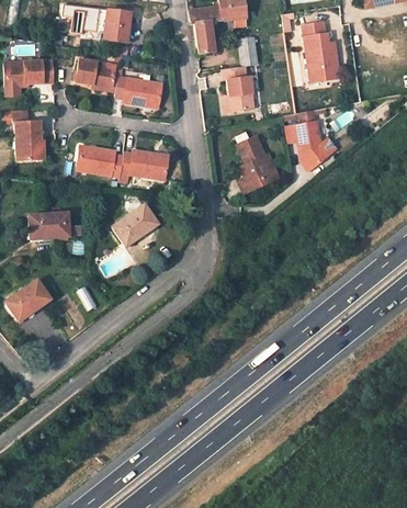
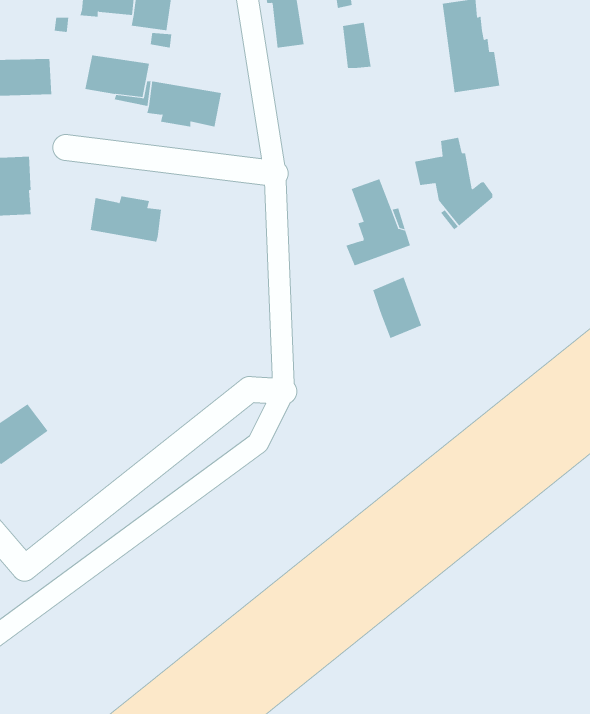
building: [222,67,256,112] -> none
building: [121,151,167,181] -> none
building: none -> [372,277,422,339]
building: [113,205,157,245] -> none
building: [31,213,69,239] -> none

